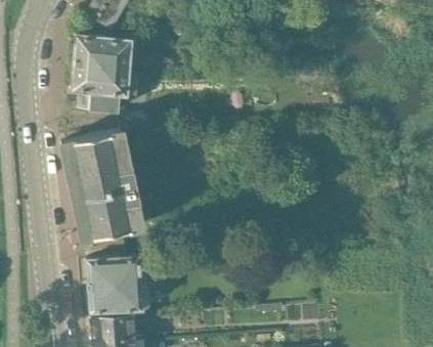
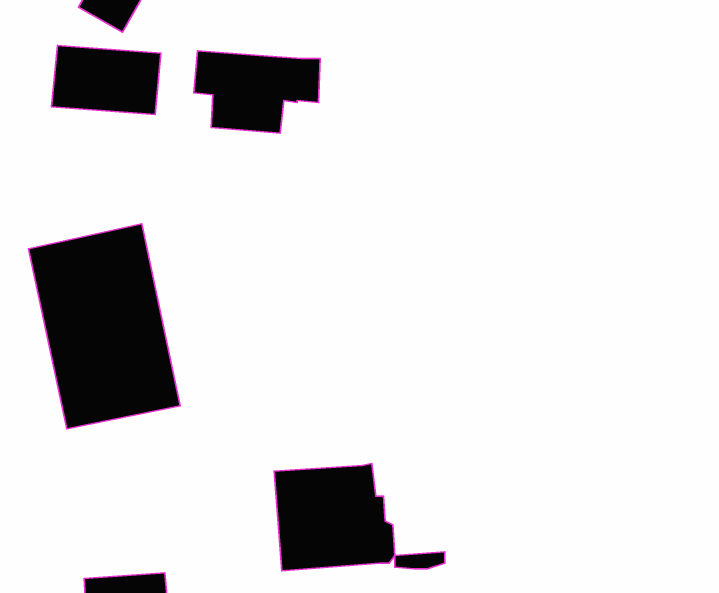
building: [72,67,139,111] -> [194,51,320,133]
building: [86,255,150,312] -> [274,463,395,571]

